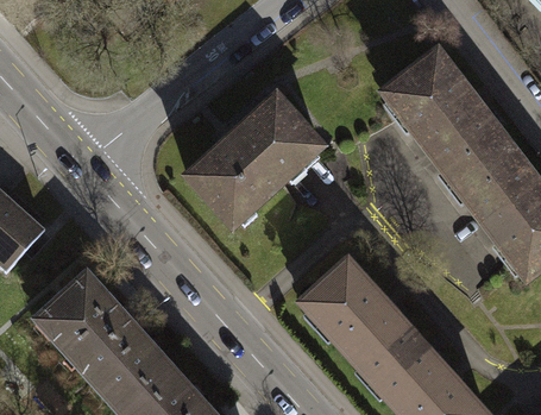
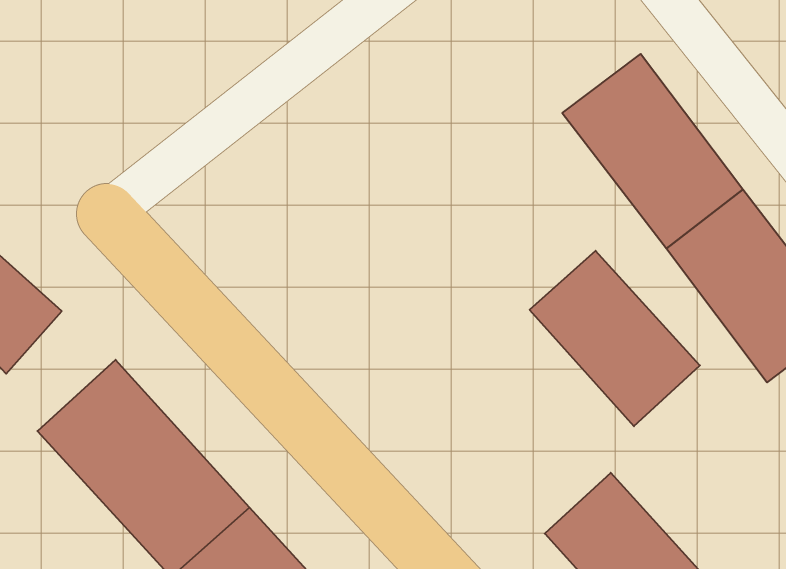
building: [189,100,319,225] -> none
building: [303,263,420,383] -> [530,251,700,426]

